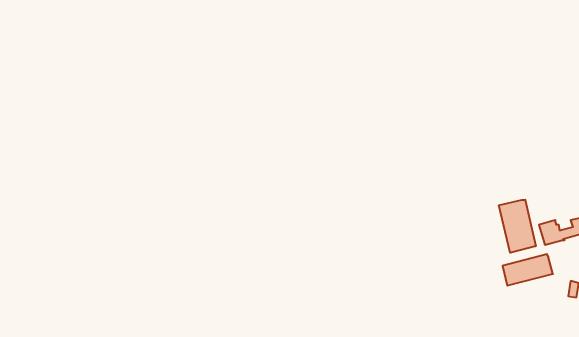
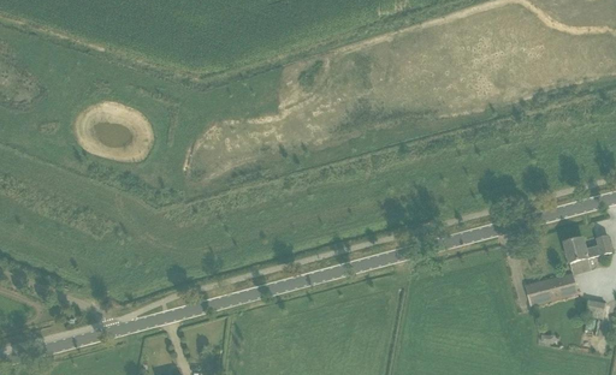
building: [499,200,536,253] -> none

